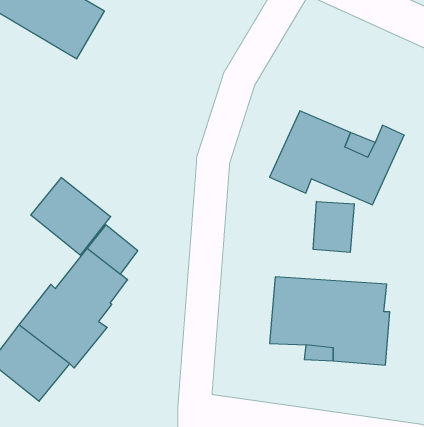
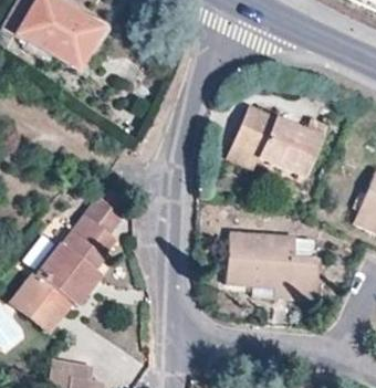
building: [31,178,111,255] -> none
building: [313,201,354,252] -> none

